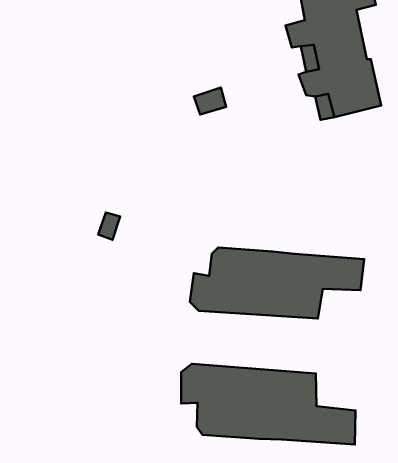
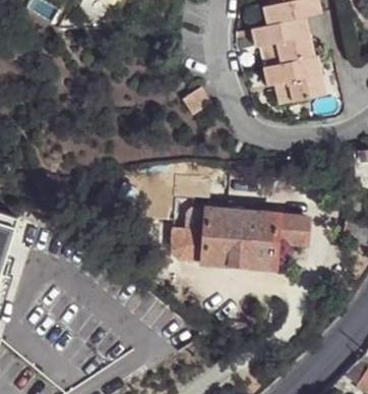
building: [181,364,355,444] -> none

